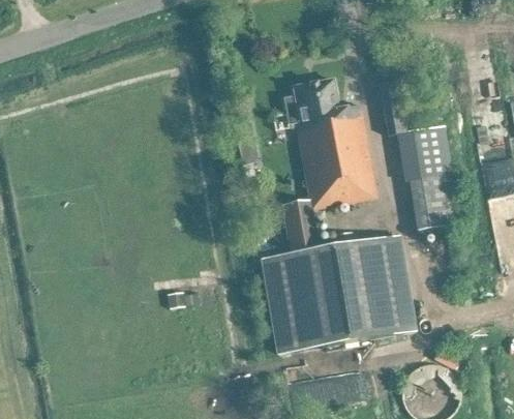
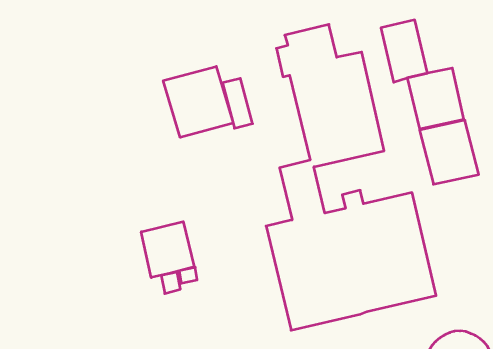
building: none -> [163,66,233,137]
building: none -> [141,222,194,278]

